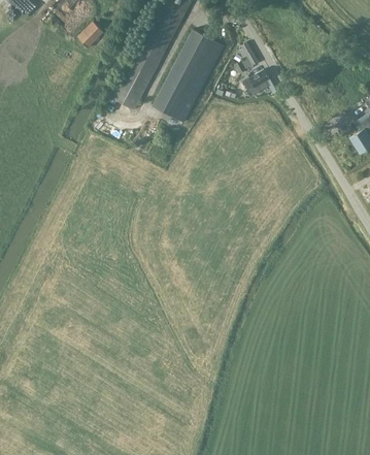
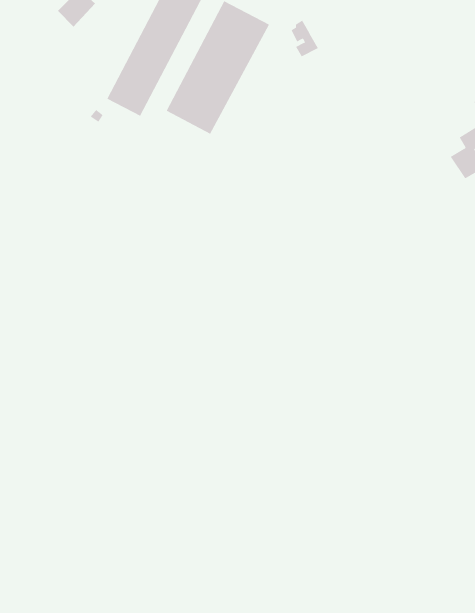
building: [241,69,269,96] -> none

